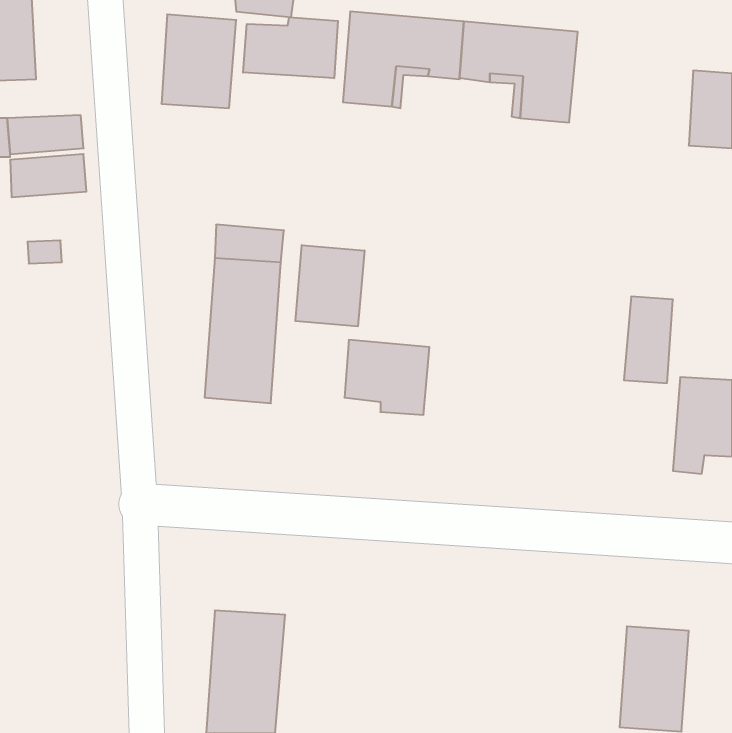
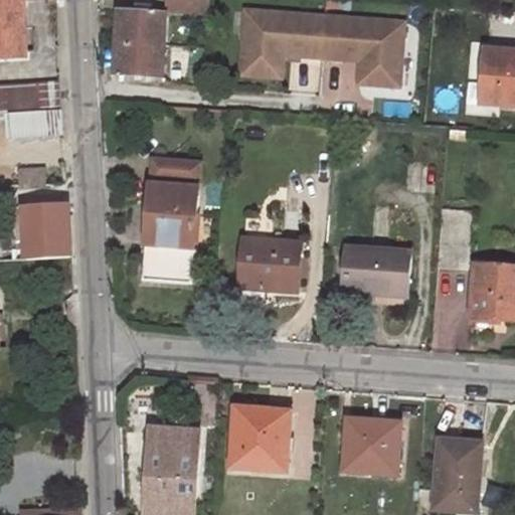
building: [243,17,338,78] -> none
building: [295,245,364,326] -> none
building: none -> [21,204,68,259]
building: none -> [343,245,409,295]
building: none -> [231,406,291,471]
building: none -> [343,417,400,473]

